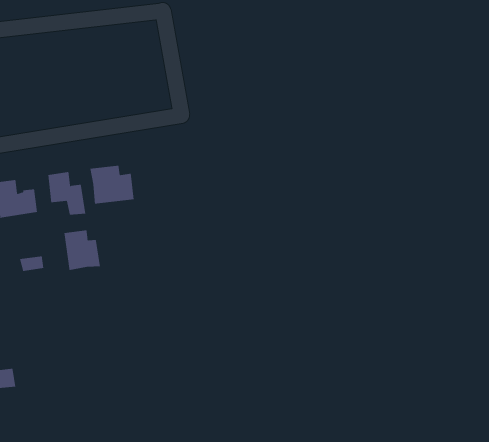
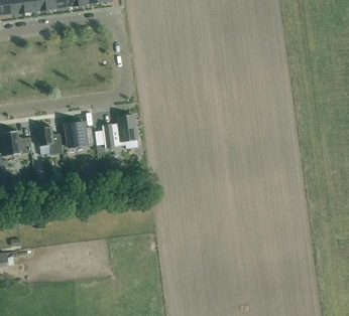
building: none -> [102,115,137,148]
building: [64,229,101,271] -> none

